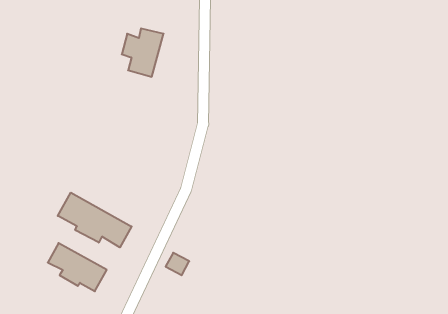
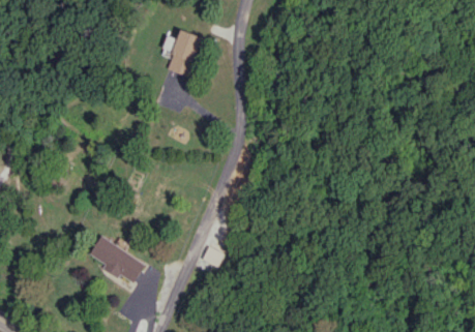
building: [58,193,132,247] -> none

